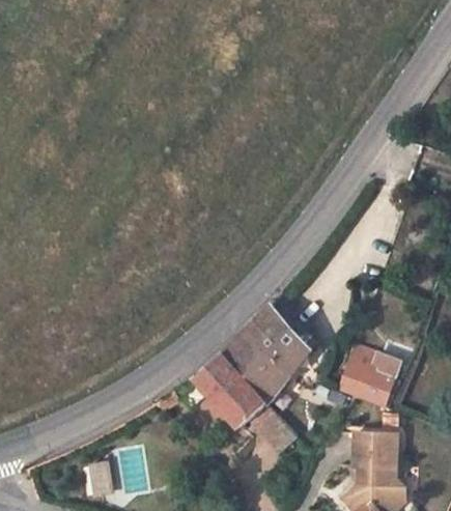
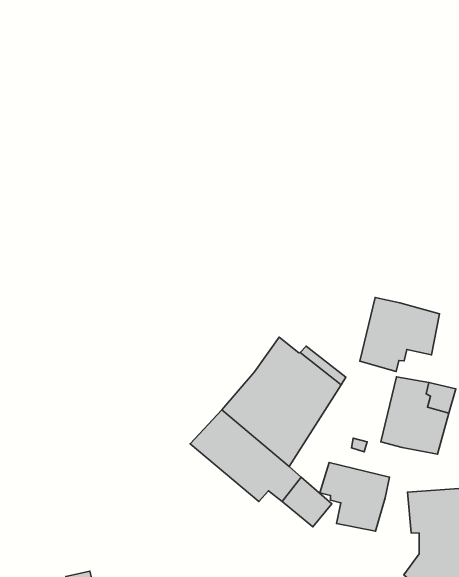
building: none -> [360,297,440,372]
building: none -> [320,463,390,531]

